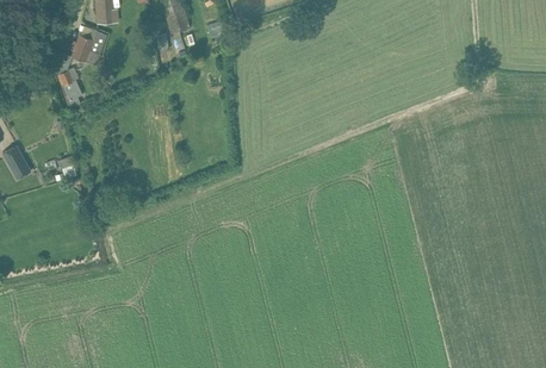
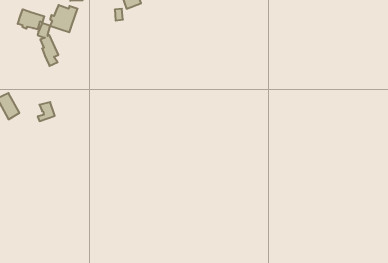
building: none -> [18,9,44,29]

